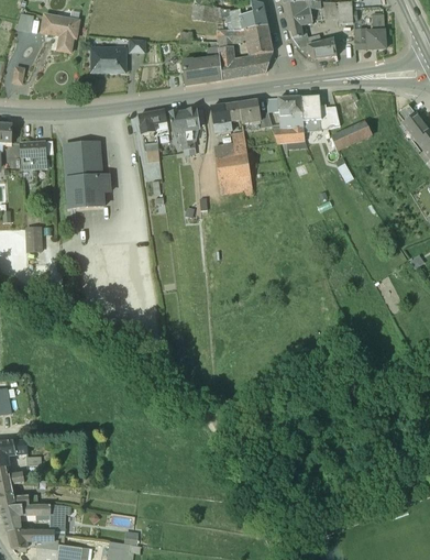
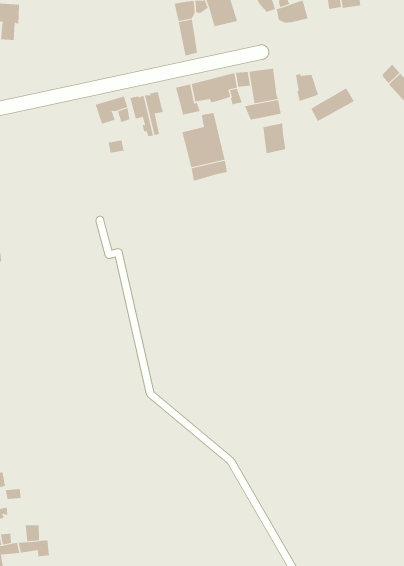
building: [91,47,125,73] -> none
building: [233,52,273,77] -> none
building: [181,58,222,85] -> none
building: [301,95,321,121] -> [262,123,286,154]
building: [64,142,110,208] -> none

